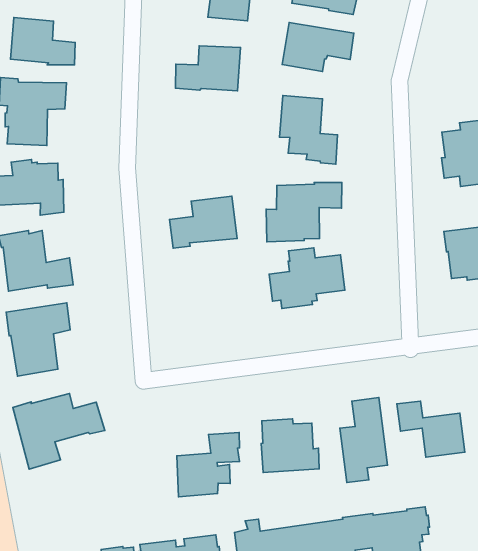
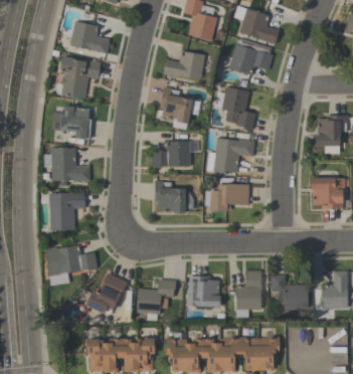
building: none -> [160,86,193,124]
building: none -> [155,181,186,213]
building: none -> [85,273,127,314]

